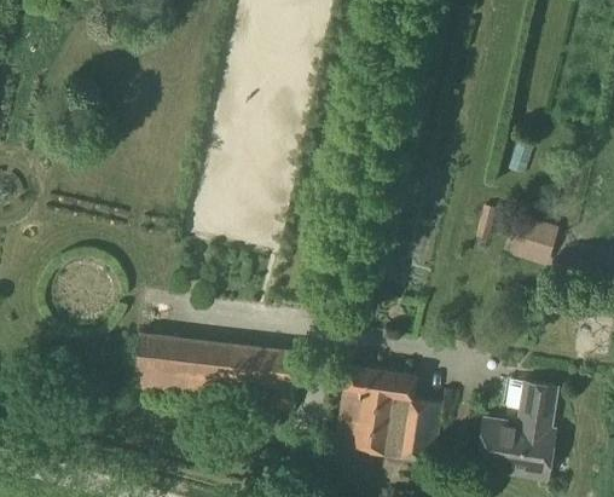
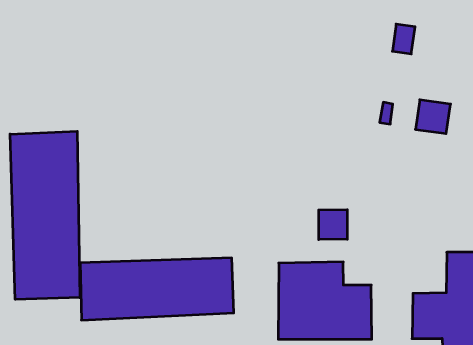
building: none -> [10,131,80,299]
building: none -> [319,210,347,240]

